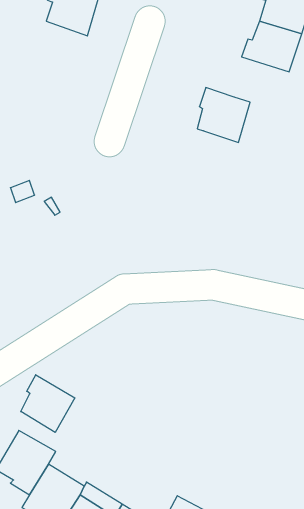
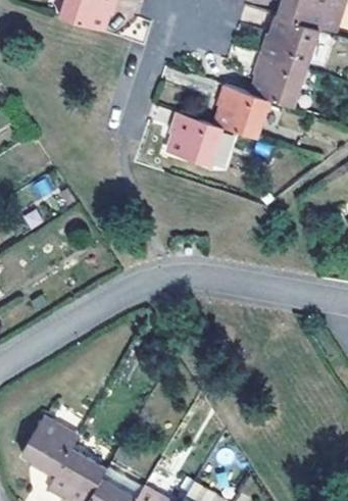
building: none -> [250,56,303,108]
building: none -> [168,113,220,166]
building: [21,375,75,432] -> none

